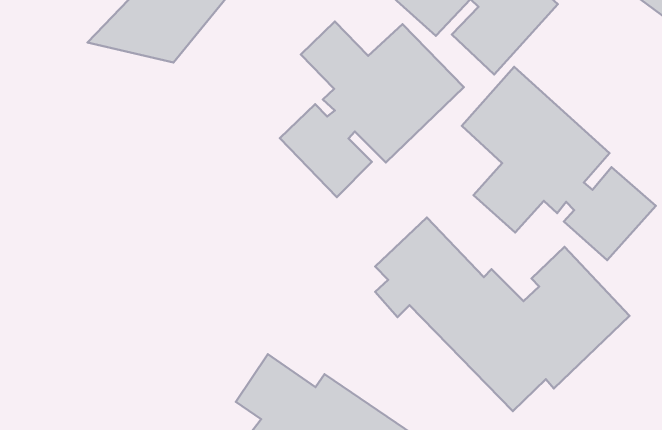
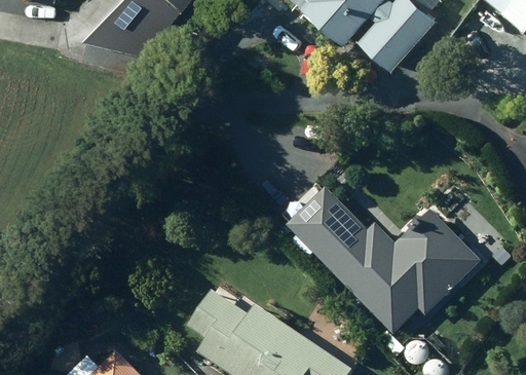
building: [280,21,464,197] -> none
building: [462,67,656,260] -> none

